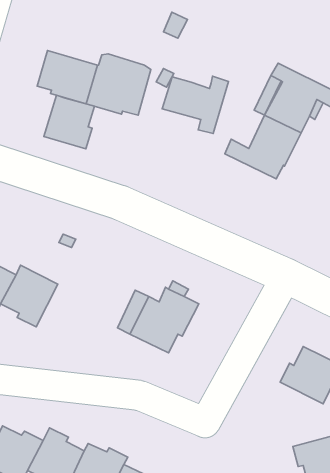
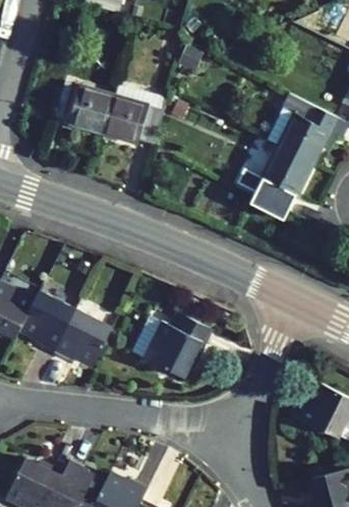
building: [162,76,228,134] -> none
building: [44,95,94,149] -> none
building: none -> [55,312,113,368]

